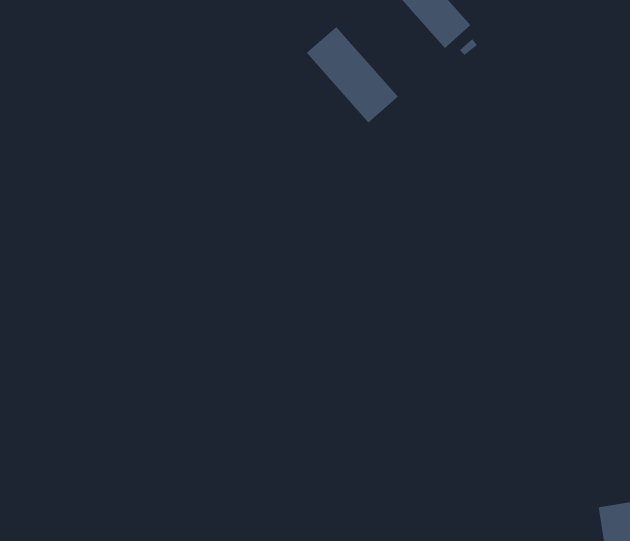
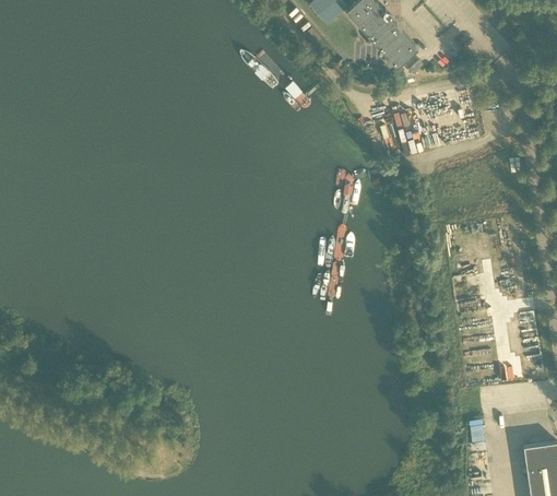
building: [306,26,399,123] -> none

